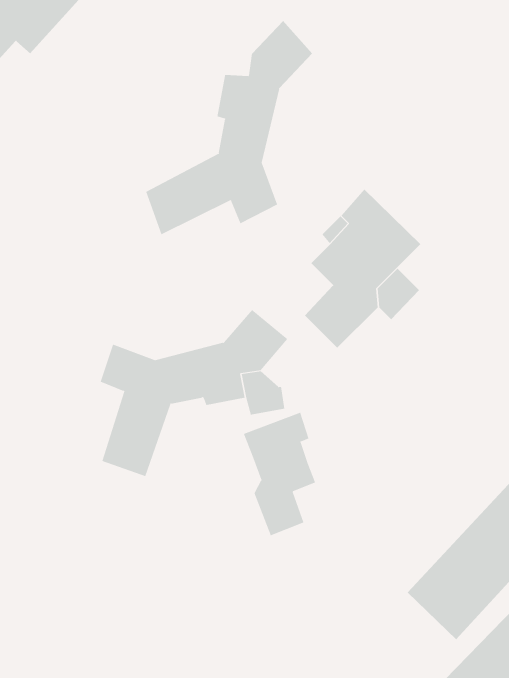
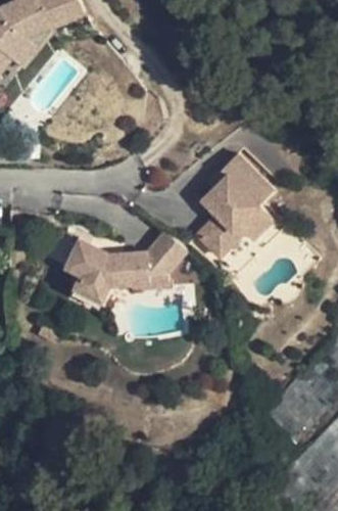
building: [146,20,313,235] -> none
building: [243,412,316,536] -> none

